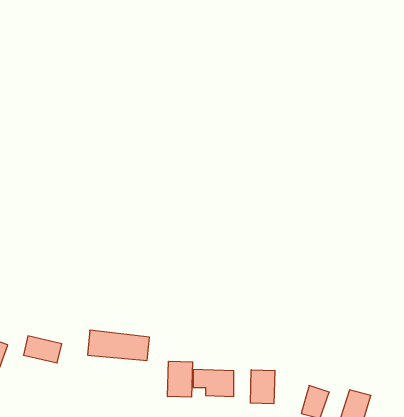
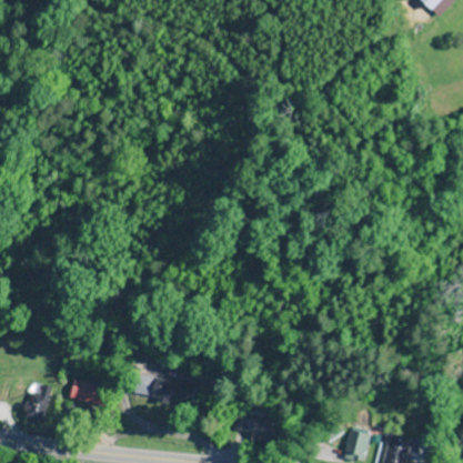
building: [168,361,193,397] -> none
building: [250,370,275,404] -> none

